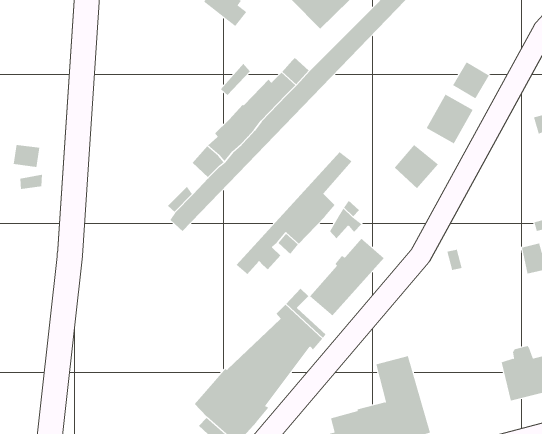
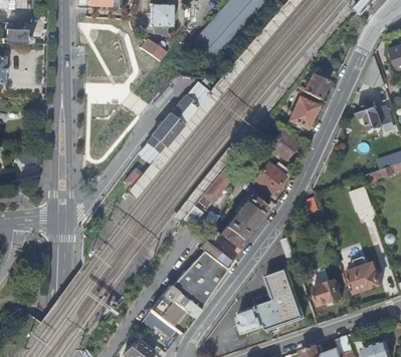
building: none -> [251,162,287,195]
building: none -> [313,280,341,305]

